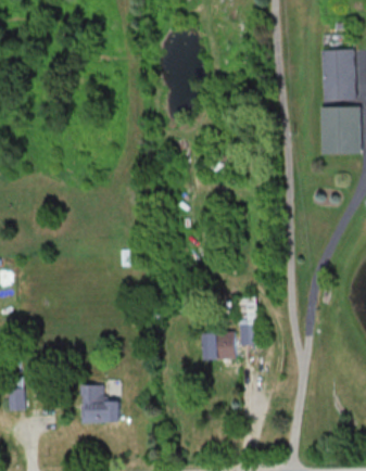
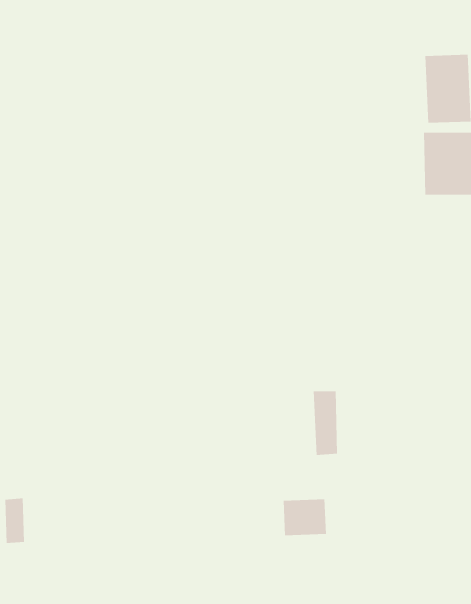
building: [203,333,236,360] -> [283,499,327,536]
building: [83,385,122,423] -> none

